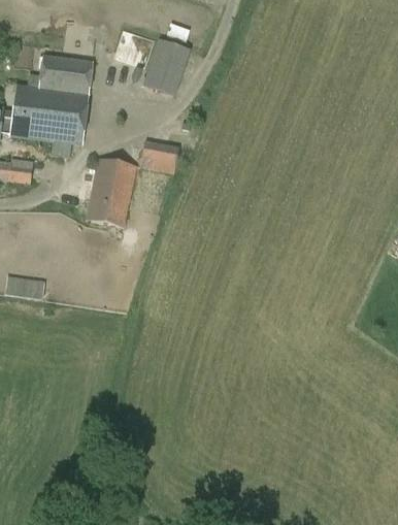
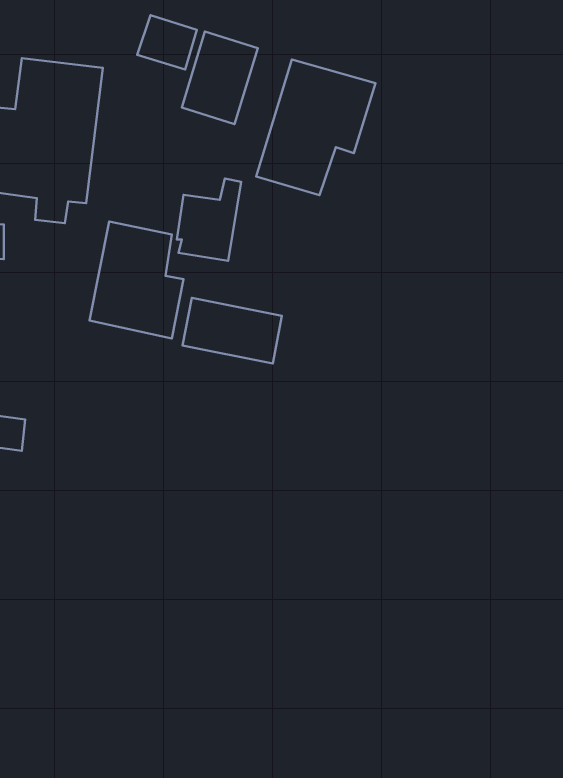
building: none -> [256,60,375,195]
building: none -> [183,298,282,364]

